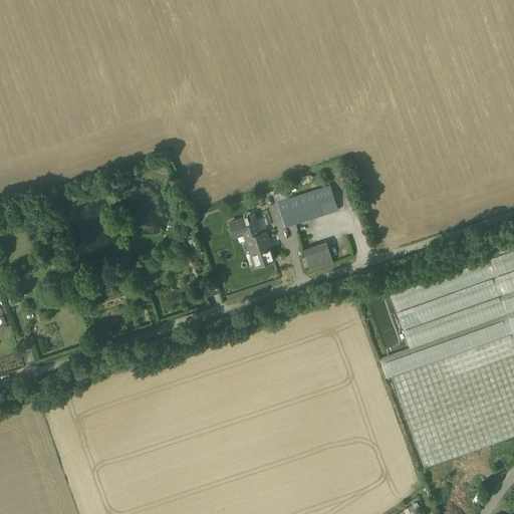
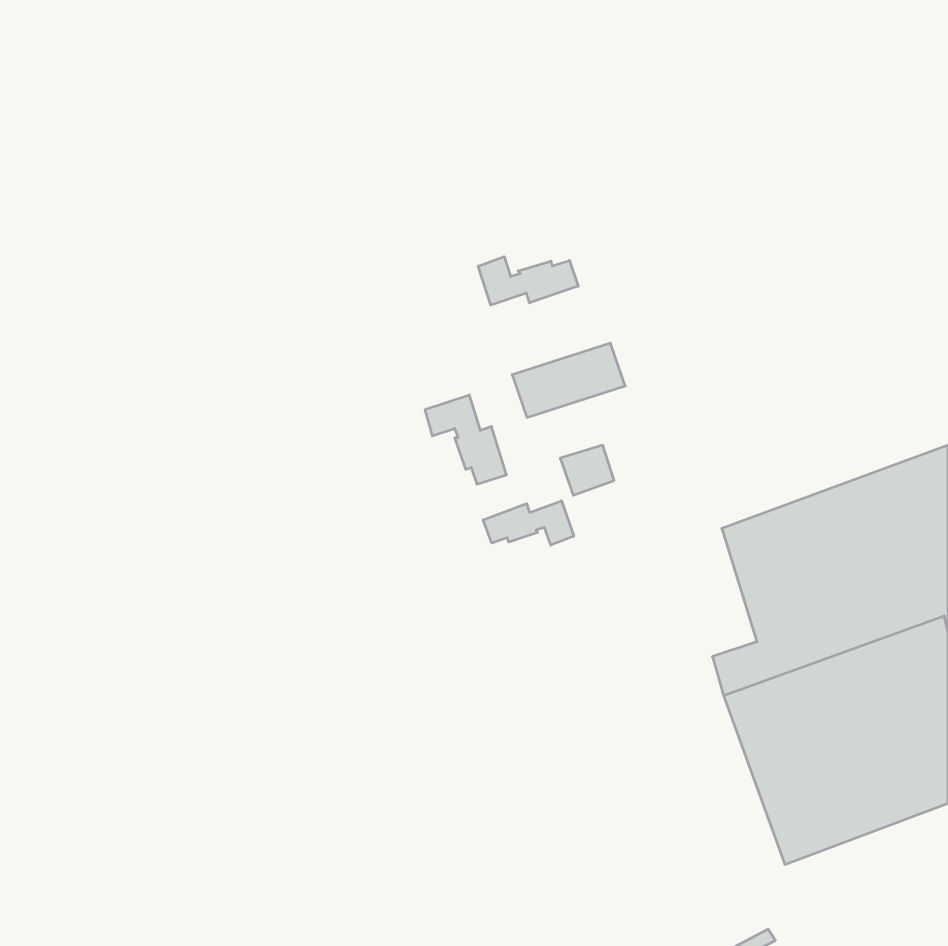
building: none -> [478,257,578,305]
building: none -> [483,501,574,545]

